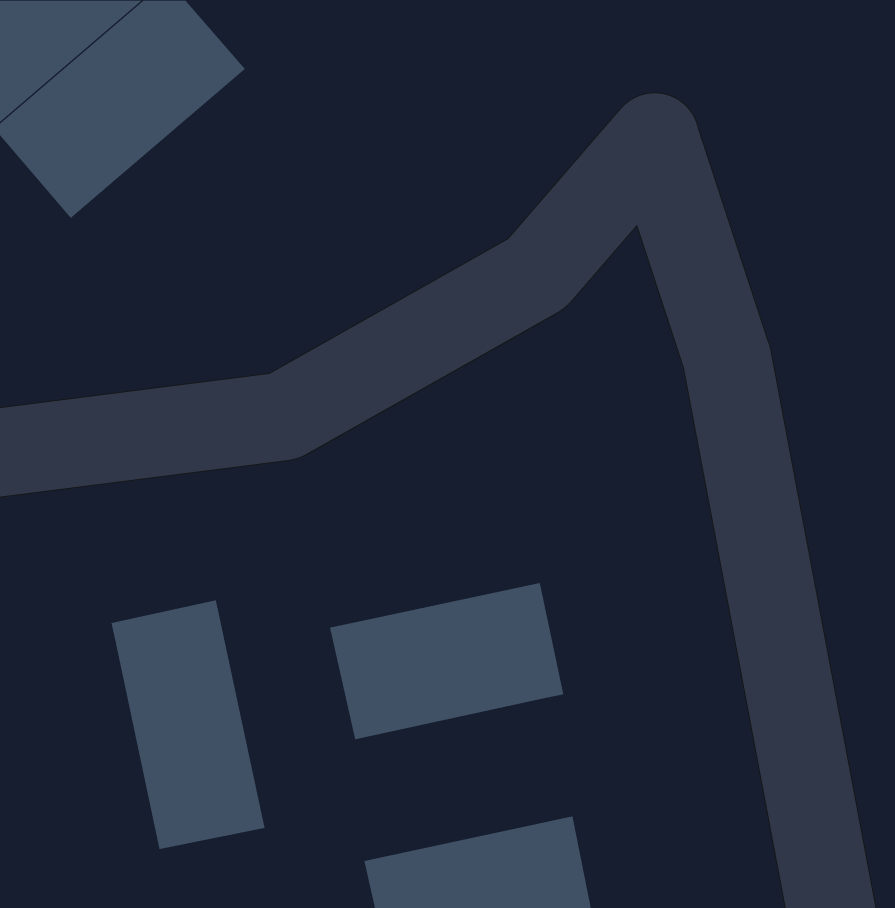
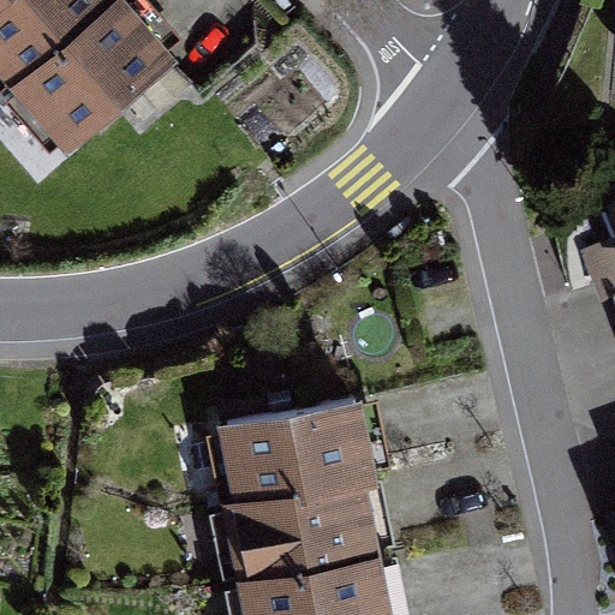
building: [111,599,265,850] -> none
building: none -> [225,474,381,583]

